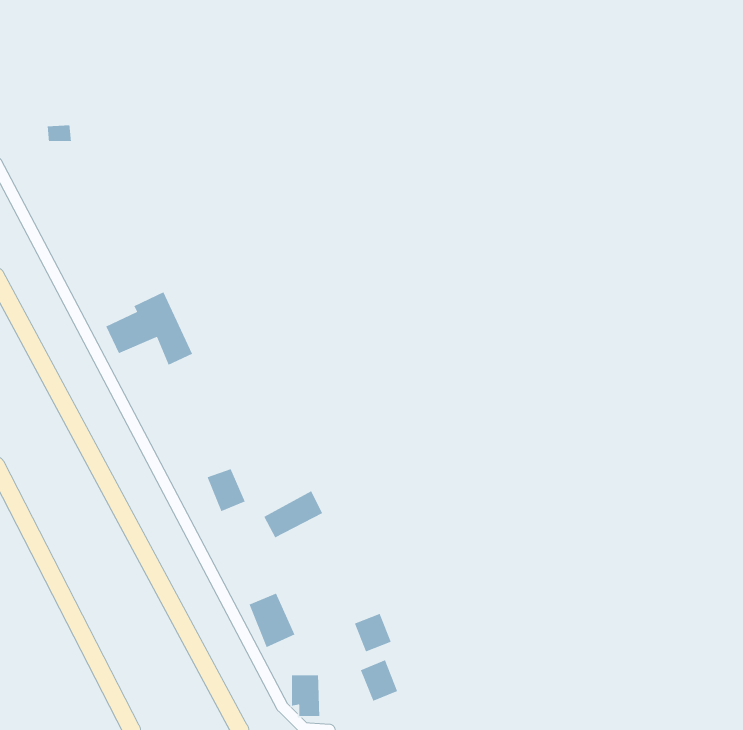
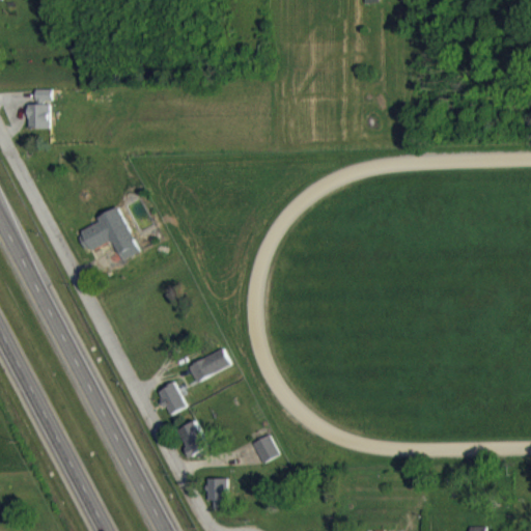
building: none -> [26,104,49,129]
building: [206,468,246,512] -> [157,383,185,414]
building: [360,659,398,702] -> none

